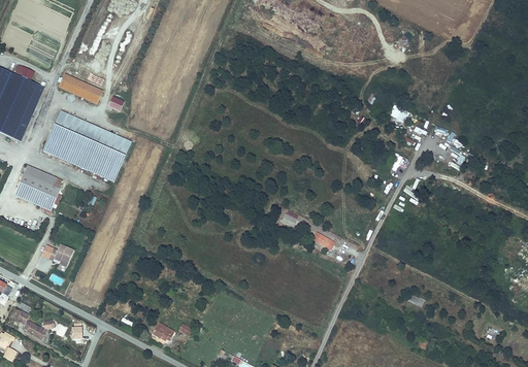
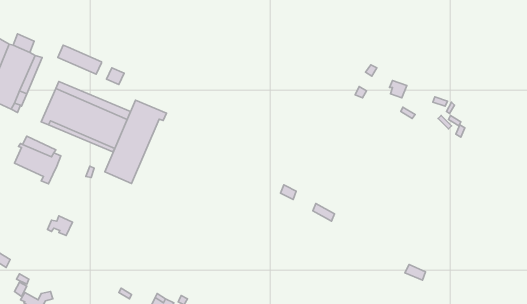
building: none -> [105,100,166,184]

